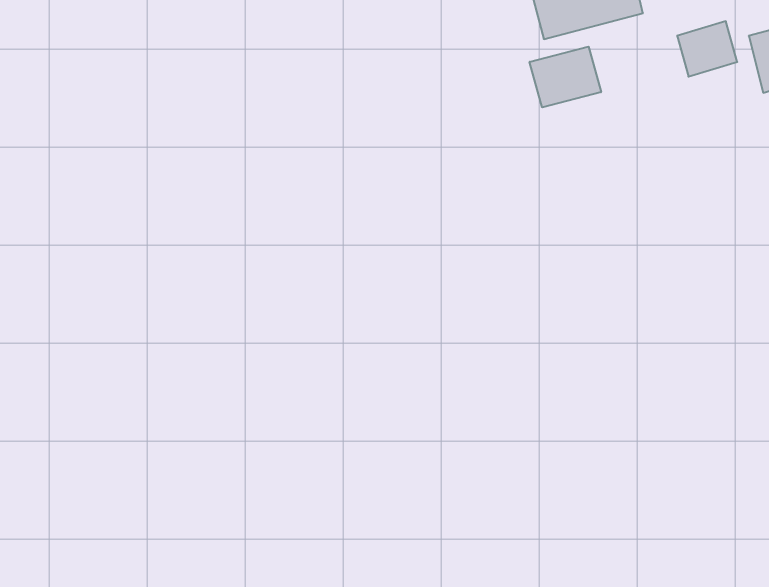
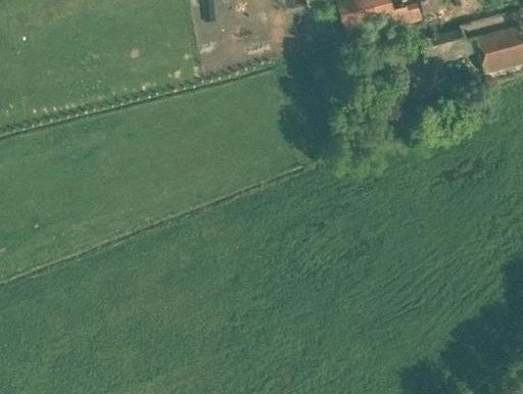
building: [530,47,601,107] -> none

